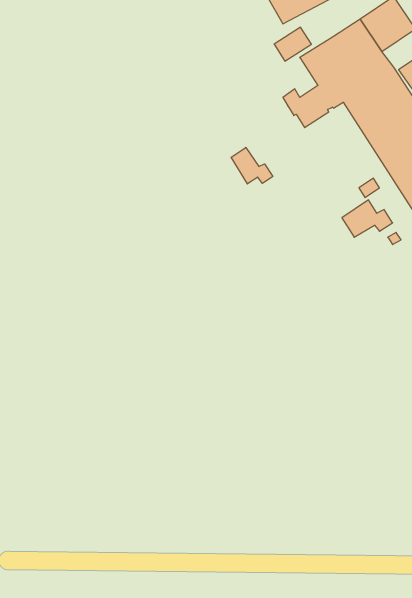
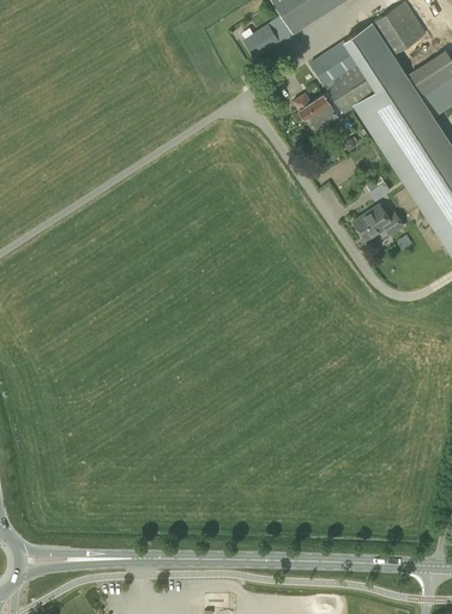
building: [274,27,311,61] -> [242,24,279,58]
building: [231,147,273,184] -> none

